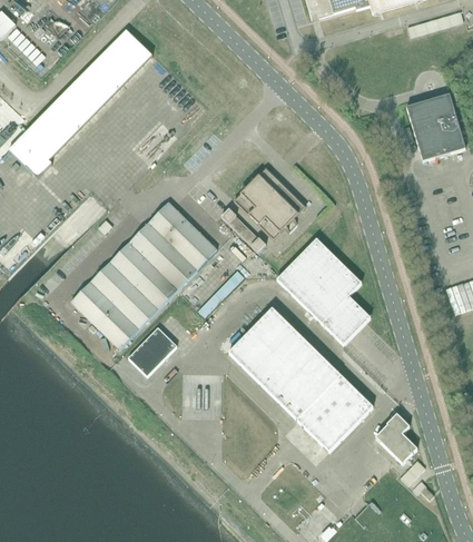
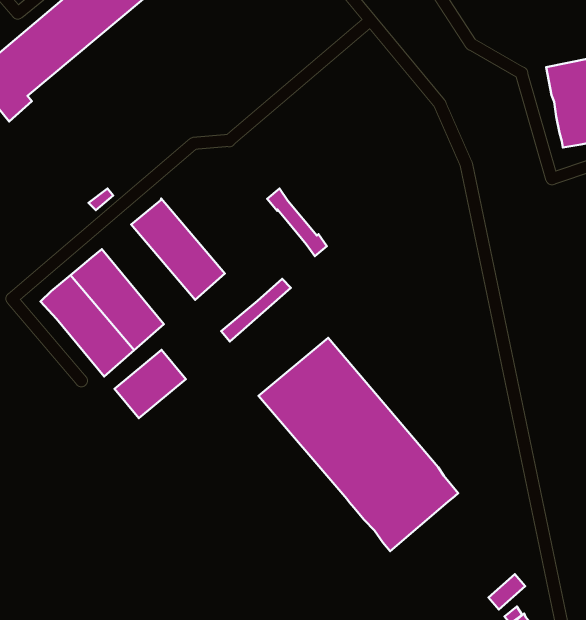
building: [233,167,305,238] -> none
building: [147,201,216,269] -> none
building: [276,237,369,344] -> none
building: [109,242,177,308] -> none
building: [375,413,416,463] -> none

